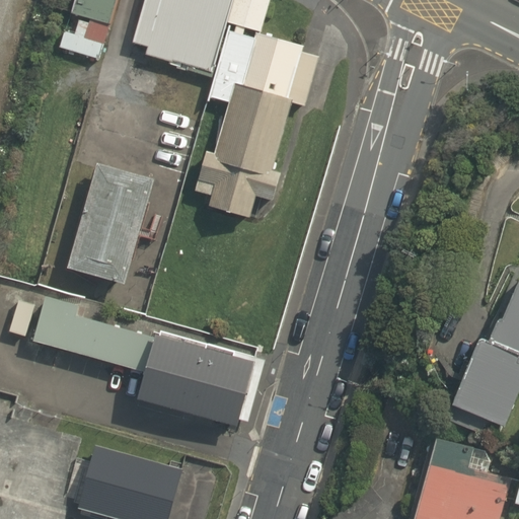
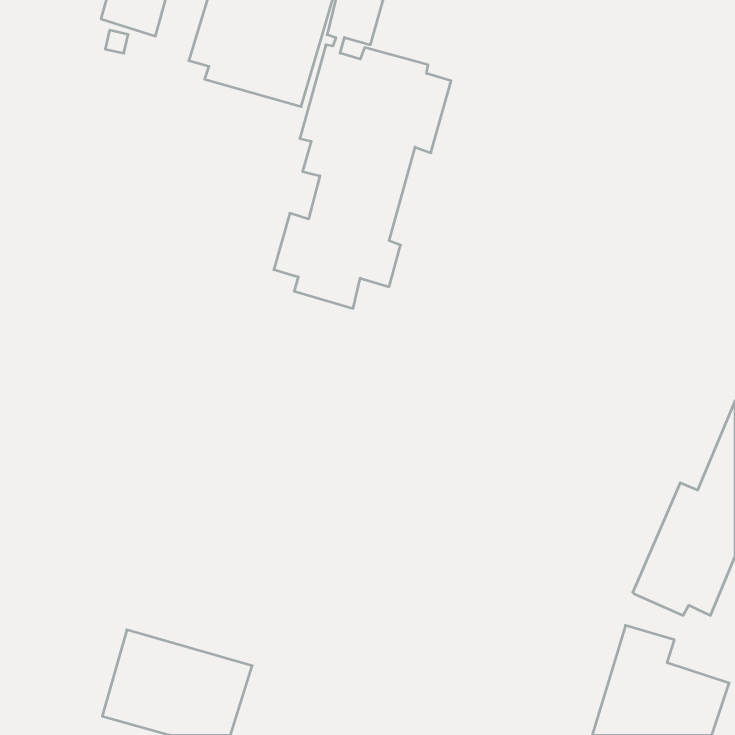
building: [69,163,153,284] -> none
building: [34,295,267,425] -> none

